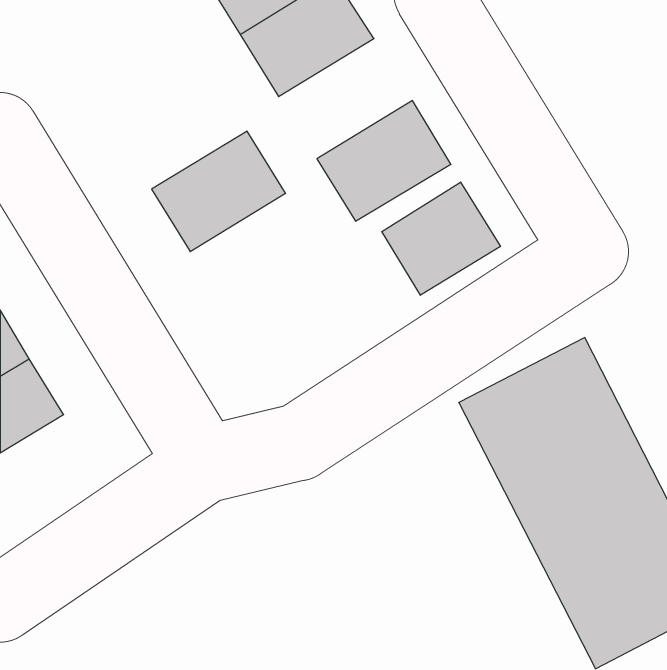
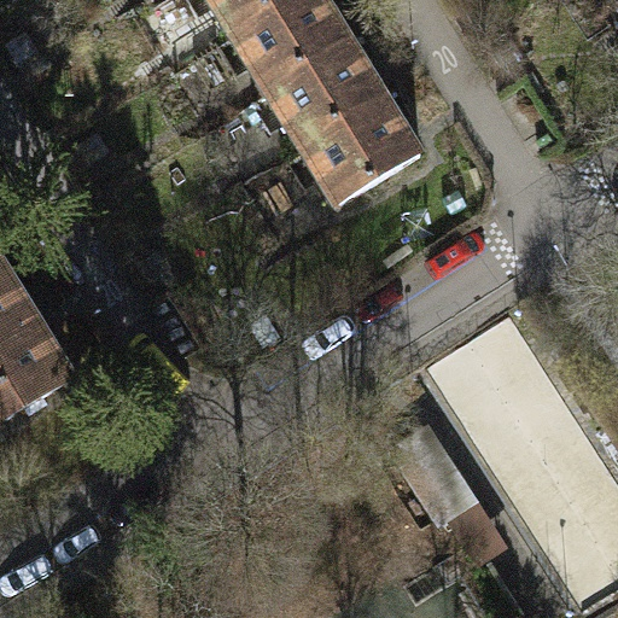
building: [152,131,286,252] -> [263,35,385,145]
building: [382,182,500,295] -> none

